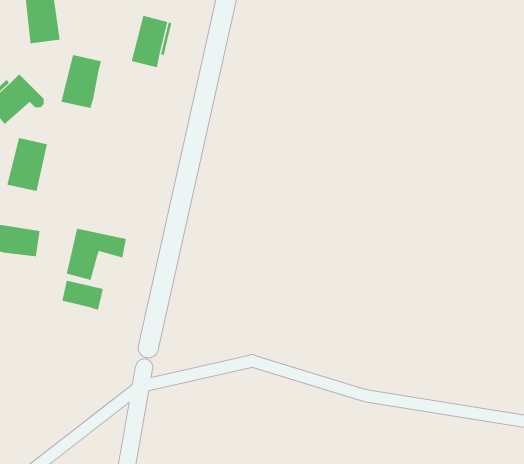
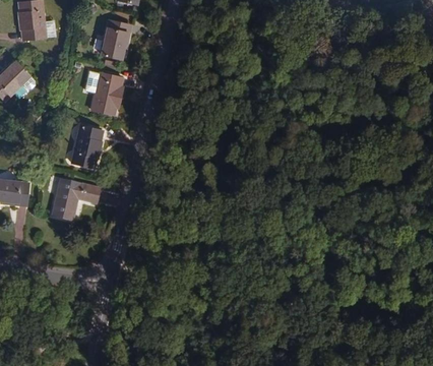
building: [61,54,102,109] -> [89,72,121,114]
building: [7,137,48,192] -> [69,125,101,167]
building: [61,280,104,311] -> none

